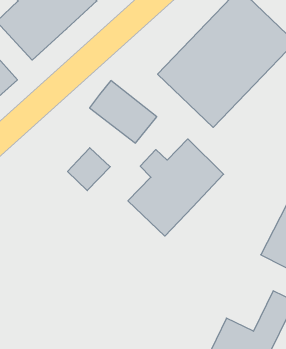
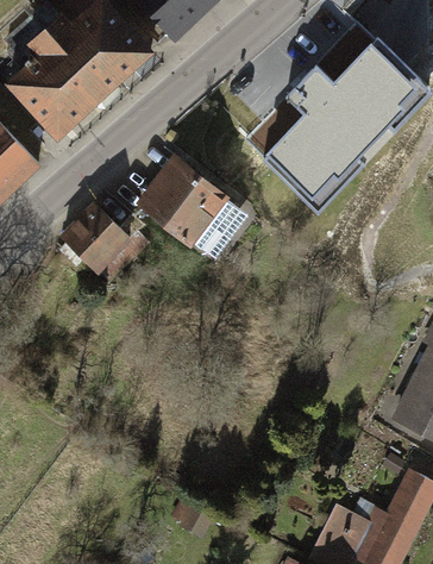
building: [128,139,224,236] -> none
building: [68,148,110,191] -> [65,211,127,272]

